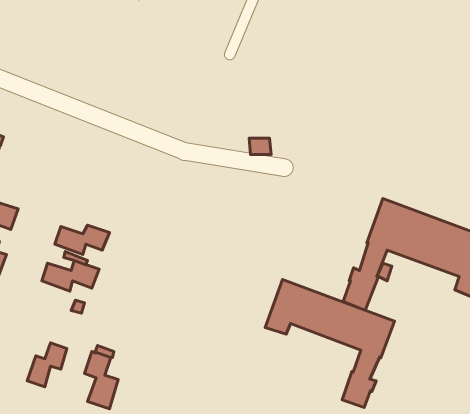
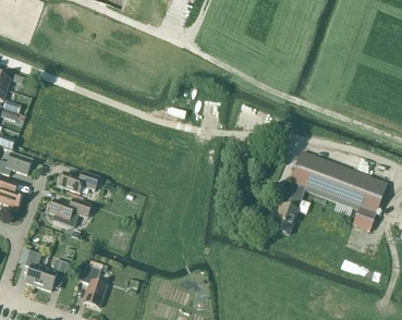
building: [265,280,395,407] -> none
building: none -> [24,251,45,288]

